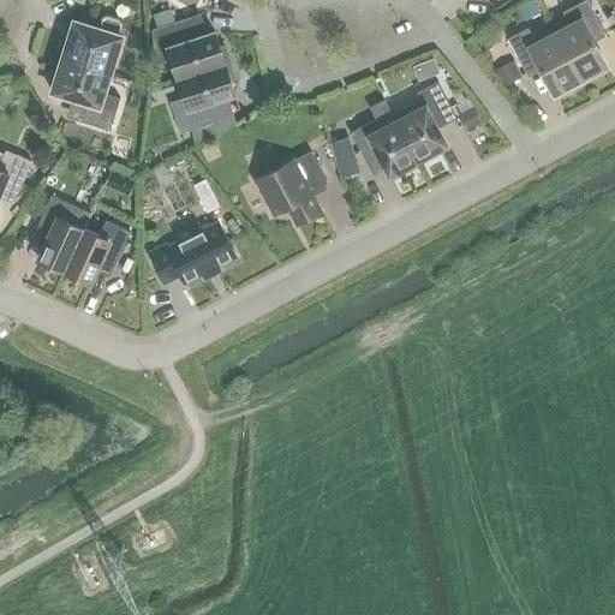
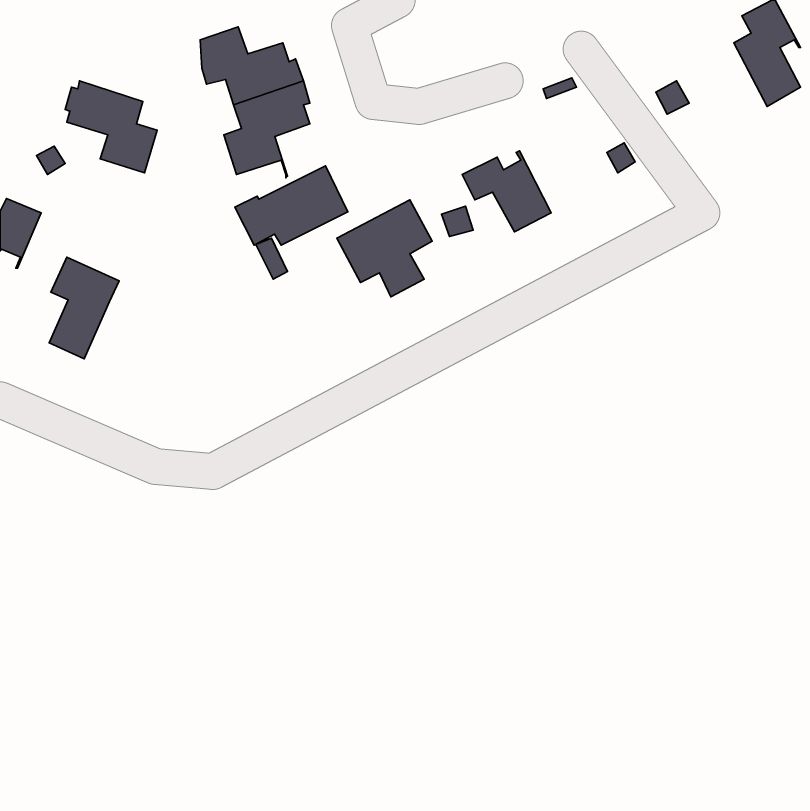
building: [59,16,123,77] -> none
building: [508,28,581,96] -> none
building: [394,82,452,161] -> none
building: [65,220,131,283] -> none
building: [150,222,235,282] -> [235,166,348,245]

